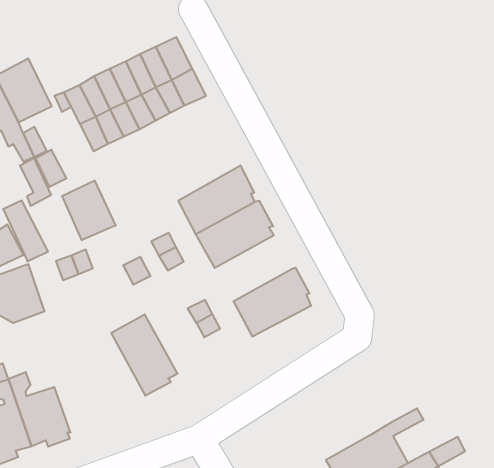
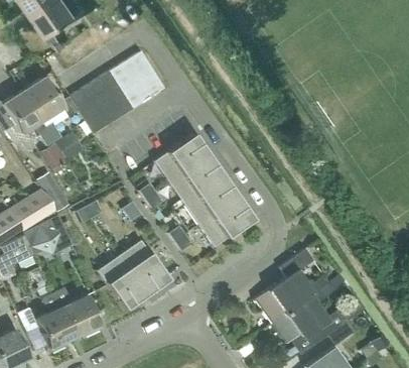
building: [62,180,116,240] -> none
building: none -> [184,175,237,224]
building: none -> [98,254,147,309]
building: none -> [256,248,330,324]

